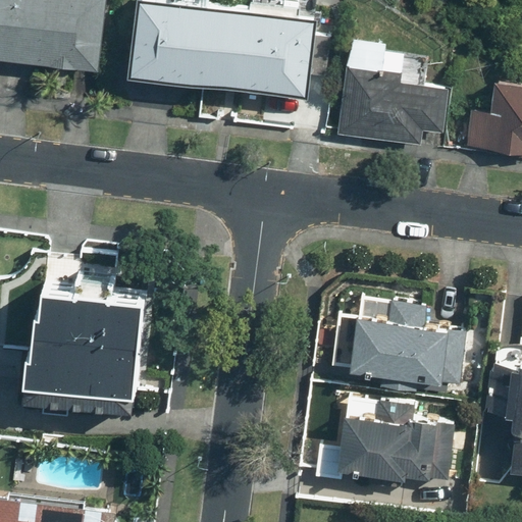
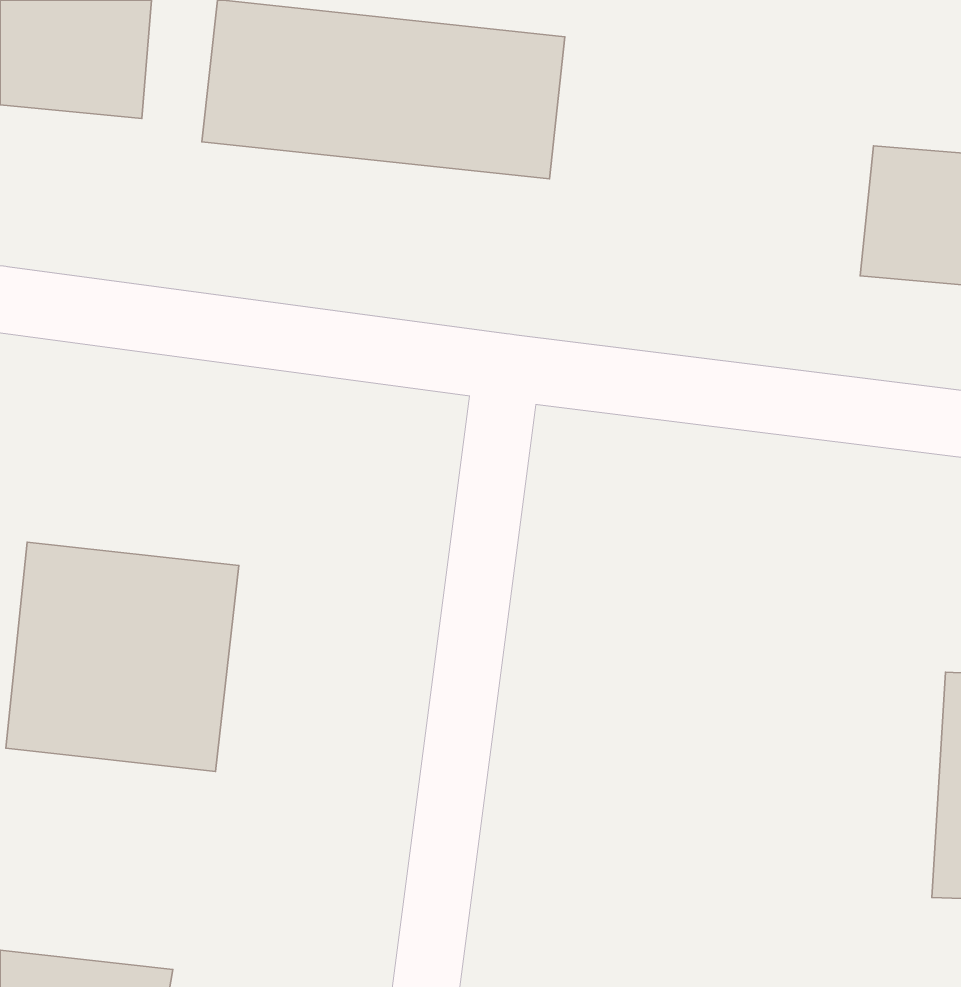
building: [327,61,435,141] -> none
building: [342,320,457,381] -> none
building: [336,421,442,480] -> none

